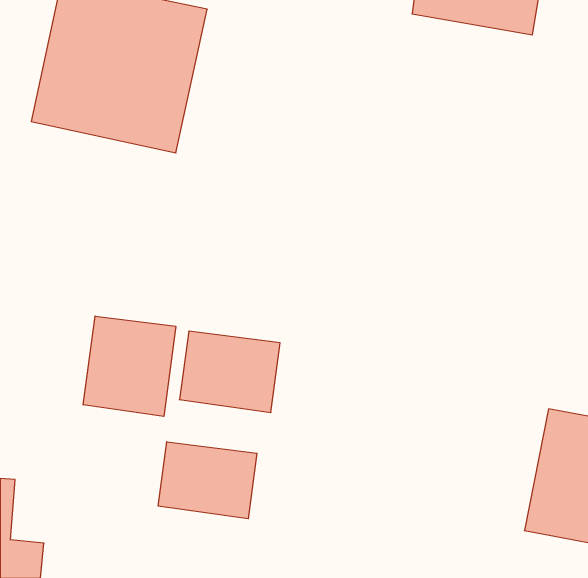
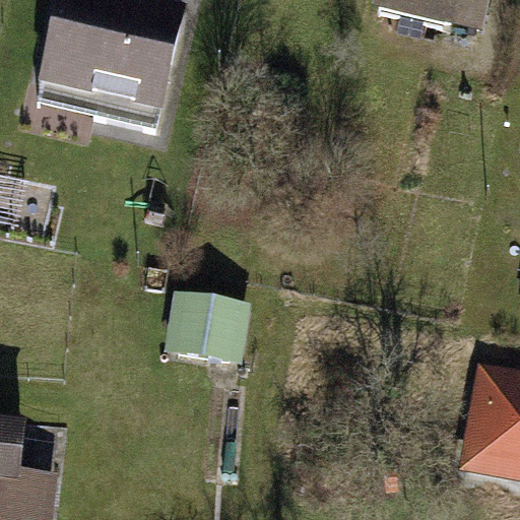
building: [83,316,176,416] -> none
building: [158,442,257,519] -> none

